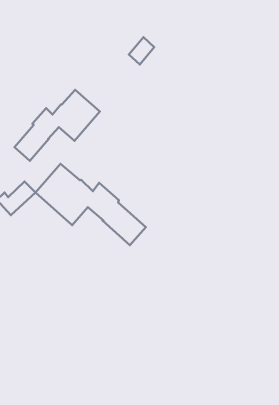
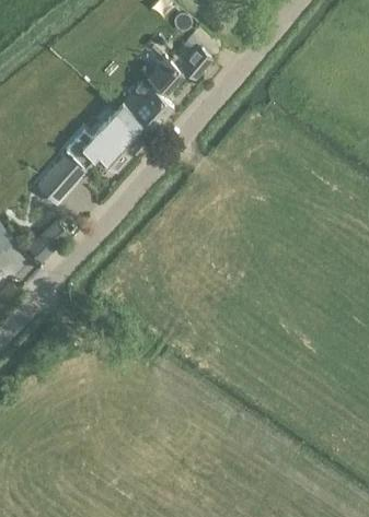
building: none -> [114,59,181,138]
building: [35,164,146,245] -> none

